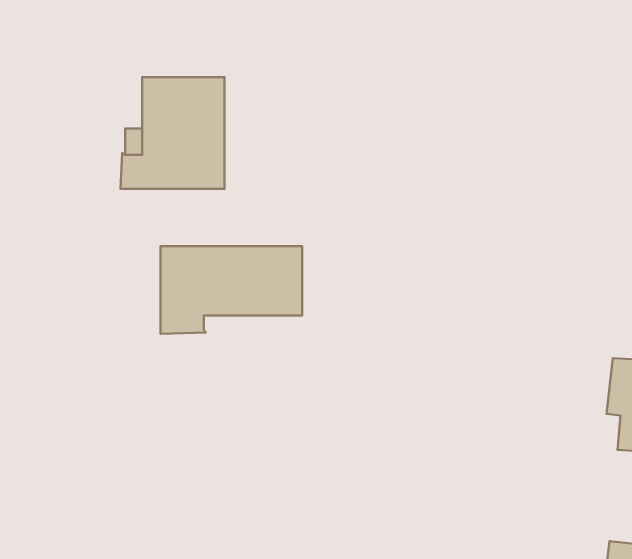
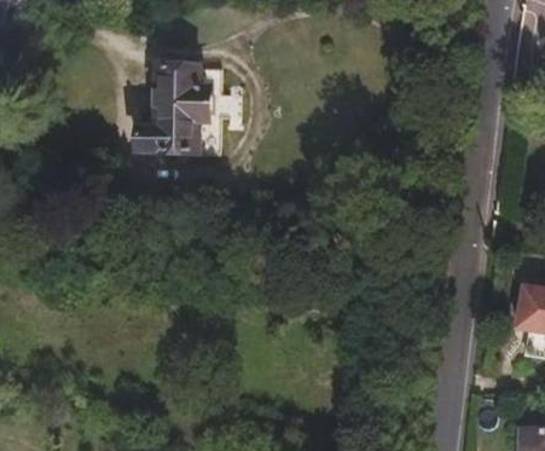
building: [160,246,302,334] -> none

